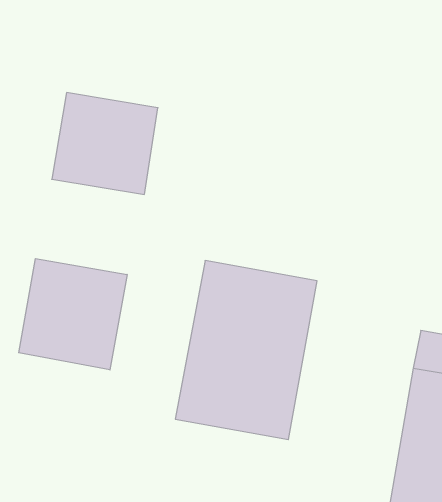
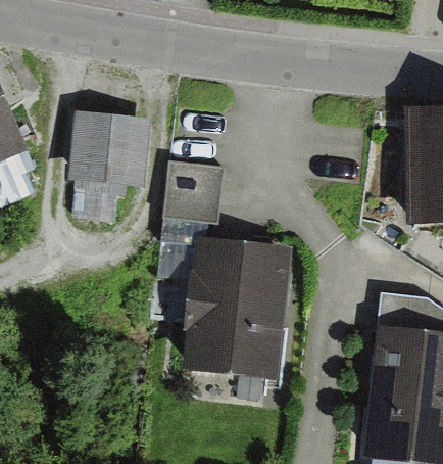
building: none -> [163,161,227,227]
building: [19,259,127,370] -> none

